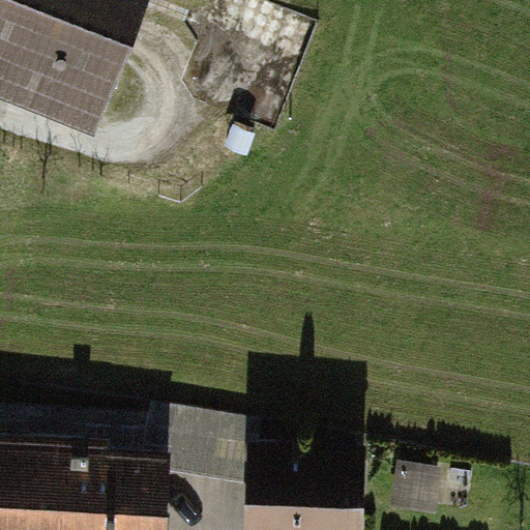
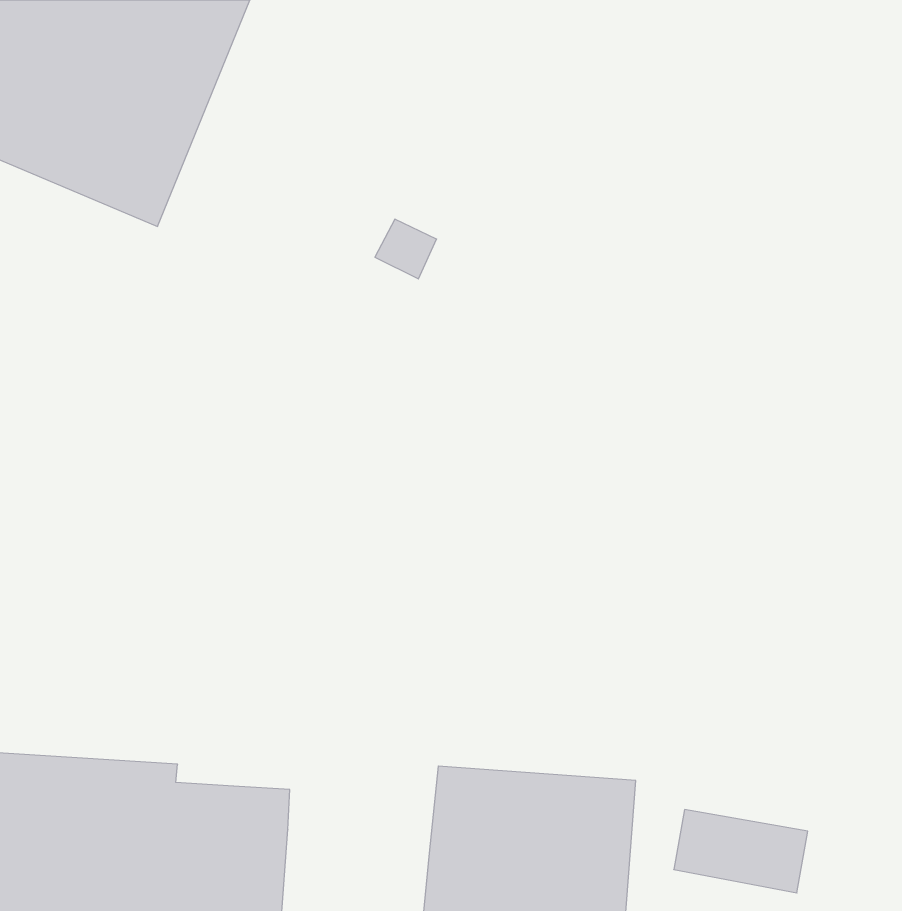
building: [134,411,253,496] -> none

